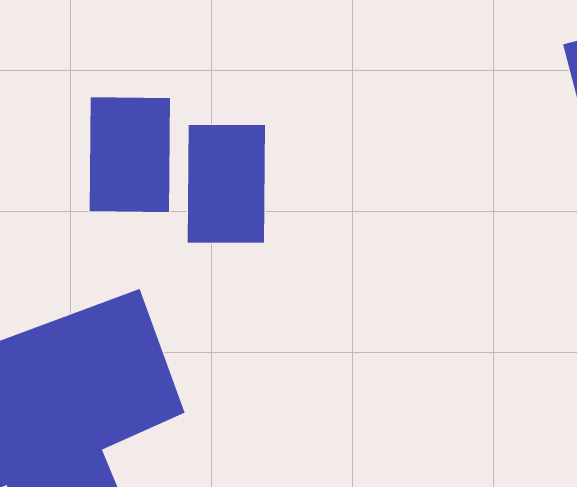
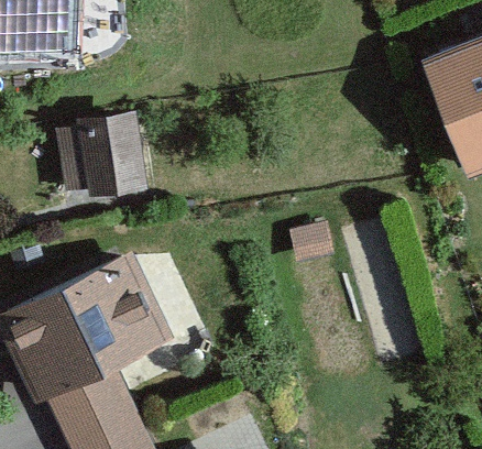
building: [187,124,265,244] -> none

